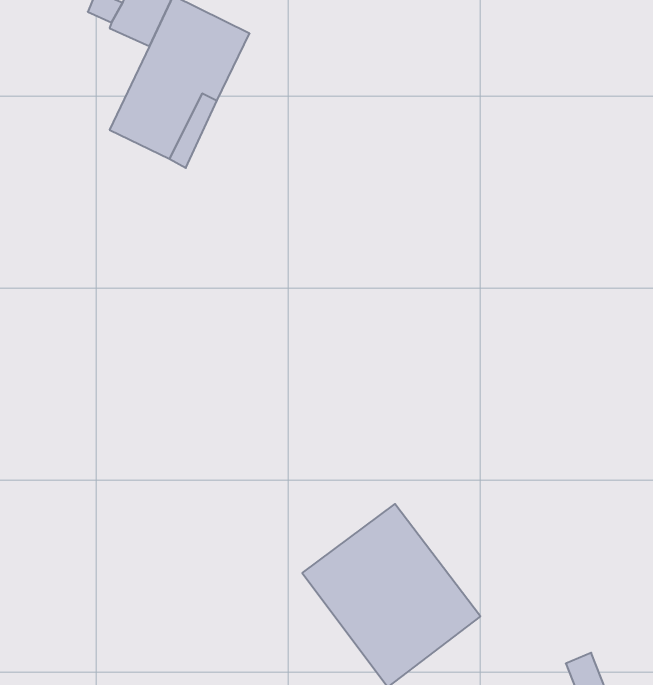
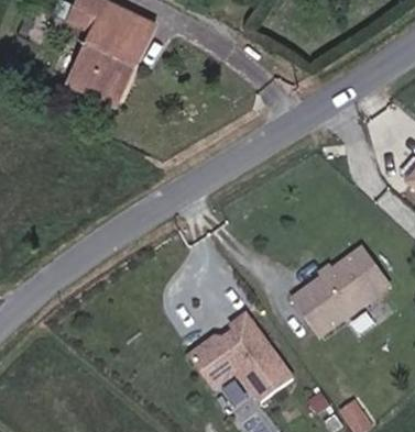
building: none -> [291,245,392,336]

